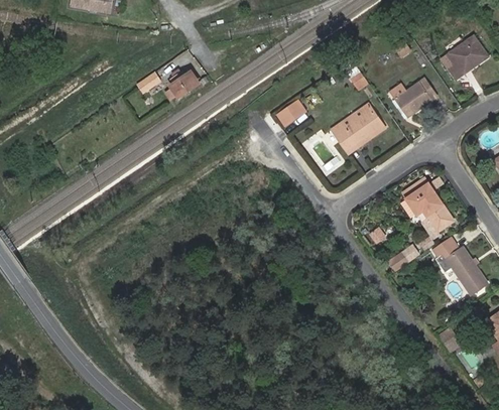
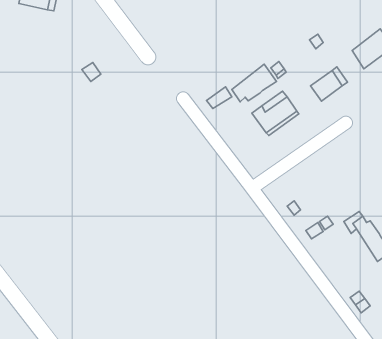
building: [169,72,201,99] -> none
building: none -> [232,64,277,102]
building: [403,177,453,238] -> none

